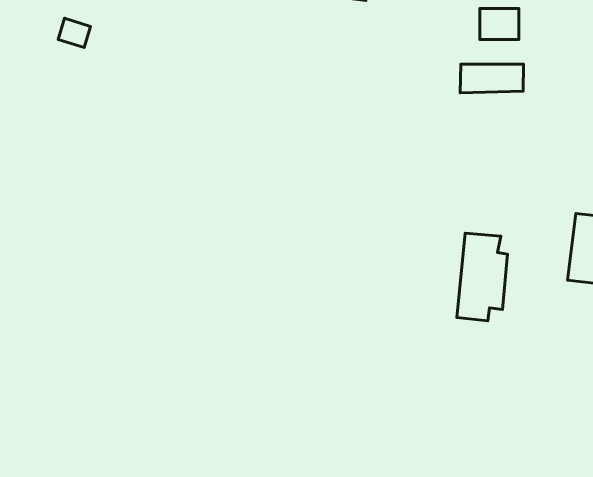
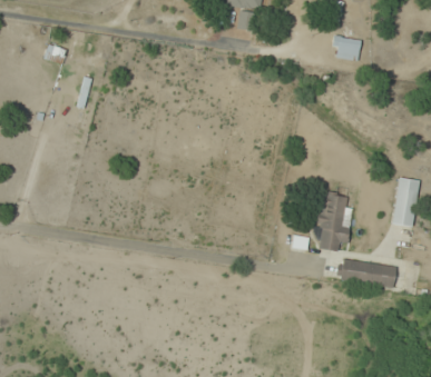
building: [460,64,524,93] -> none
building: none -> [336,258,398,286]

